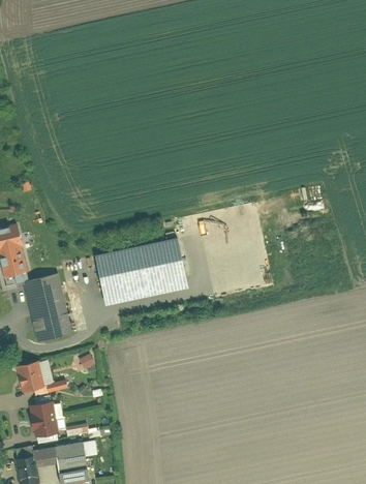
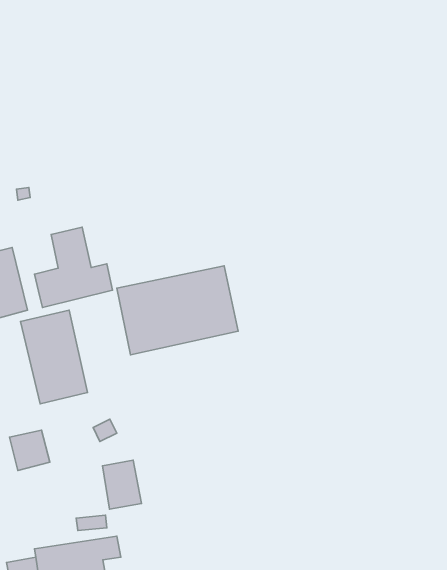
building: none -> [34,227,112,307]
building: [30,402,59,438] -> [102,460,141,509]

